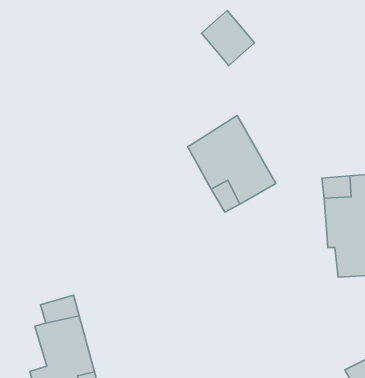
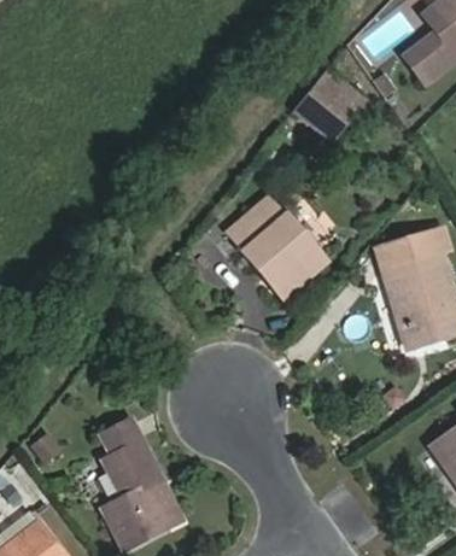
building: [202,11,254,65] -> [306,72,363,129]

